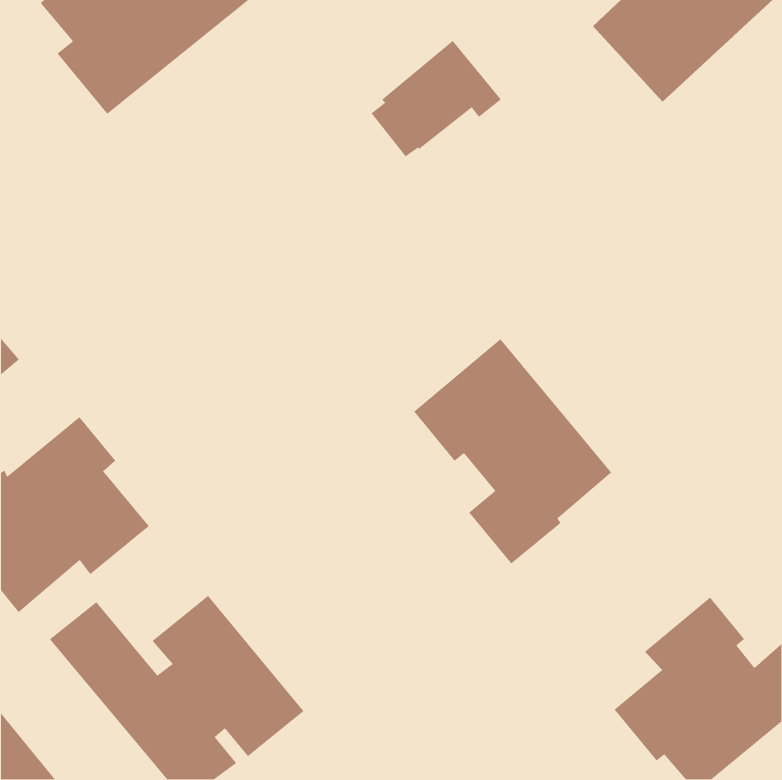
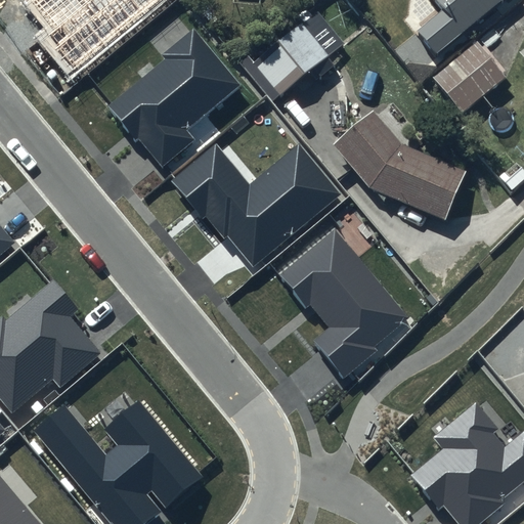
building: none -> [110,27,241,167]
building: none -> [433,46,506,117]
building: none -> [332,114,470,227]
building: none -> [171,142,341,265]

